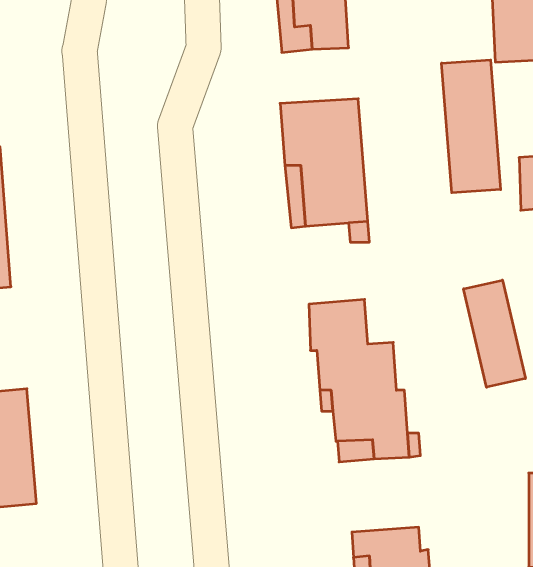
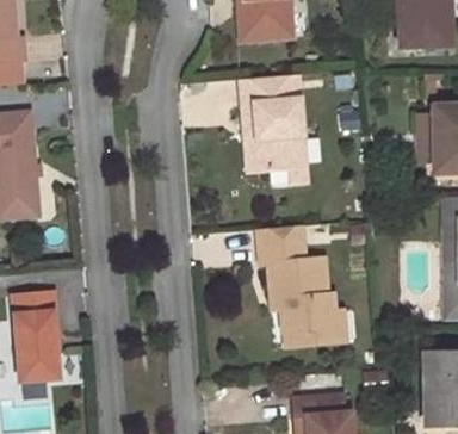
building: [442,60,501,193] -> none
building: [464,280,525,387] -> none

